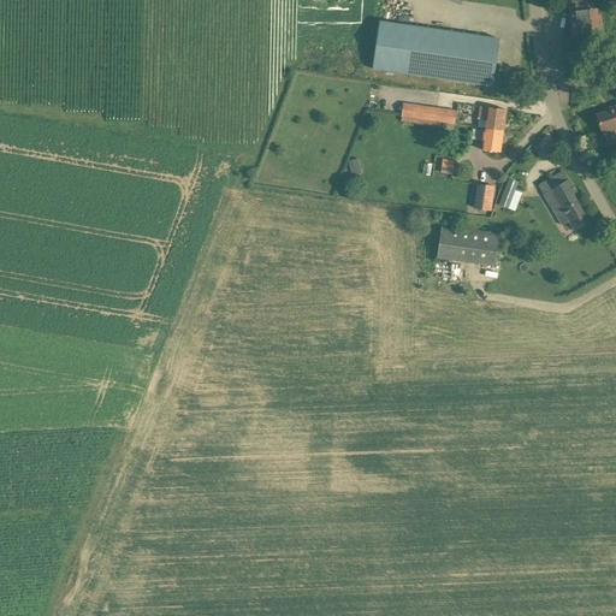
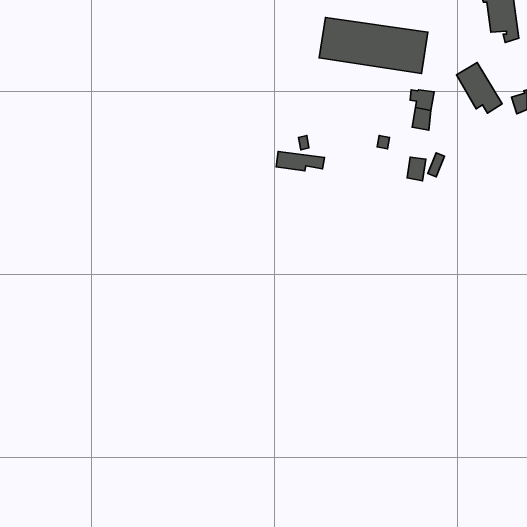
building: [399,102,456,125] -> [276,151,325,171]
building: [538,170,591,229] -> [457,62,502,113]
building: [436,224,499,266] -> none

